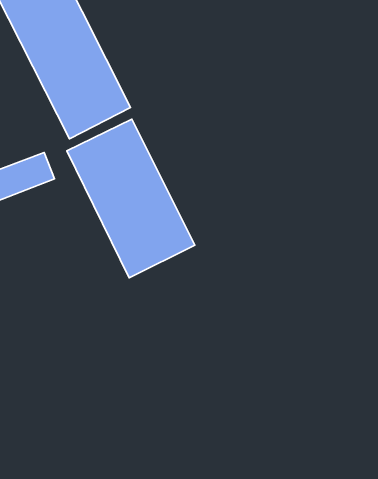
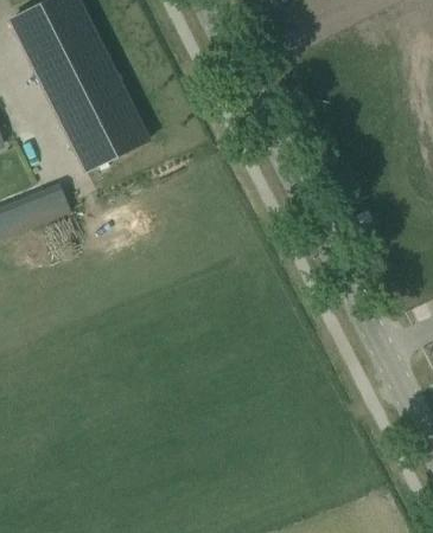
building: [67,119,195,278] -> none

